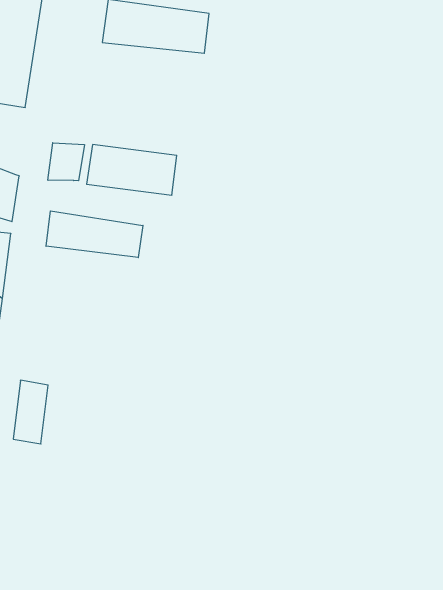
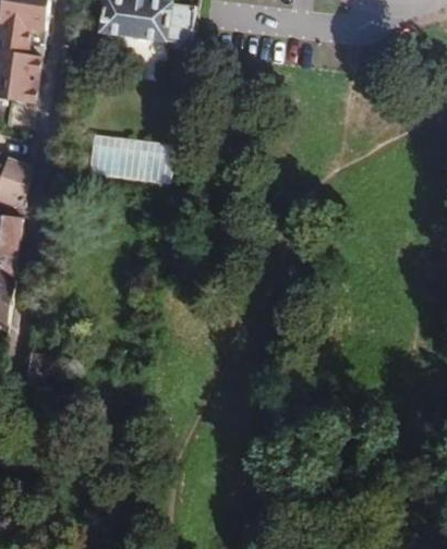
building: [48,143,84,181] -> none
building: [46,211,143,258] -> none

